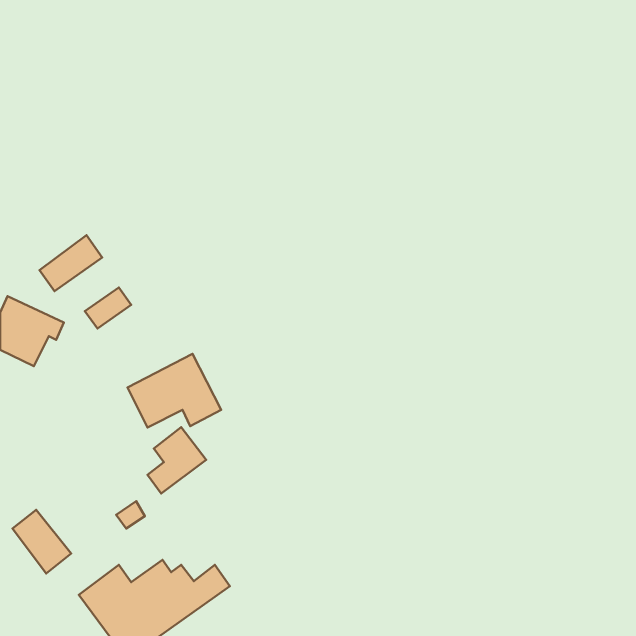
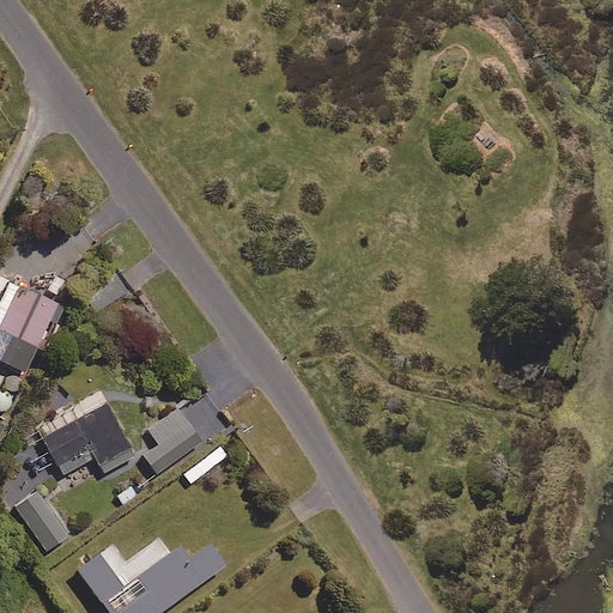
building: [39,235,102,291] -> none
building: [128,354,221,427] -> [43,405,133,475]

